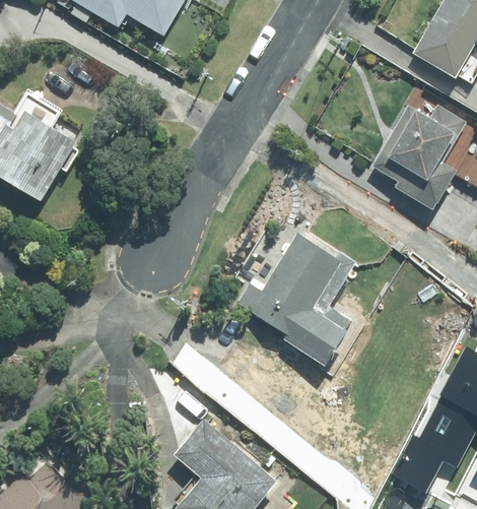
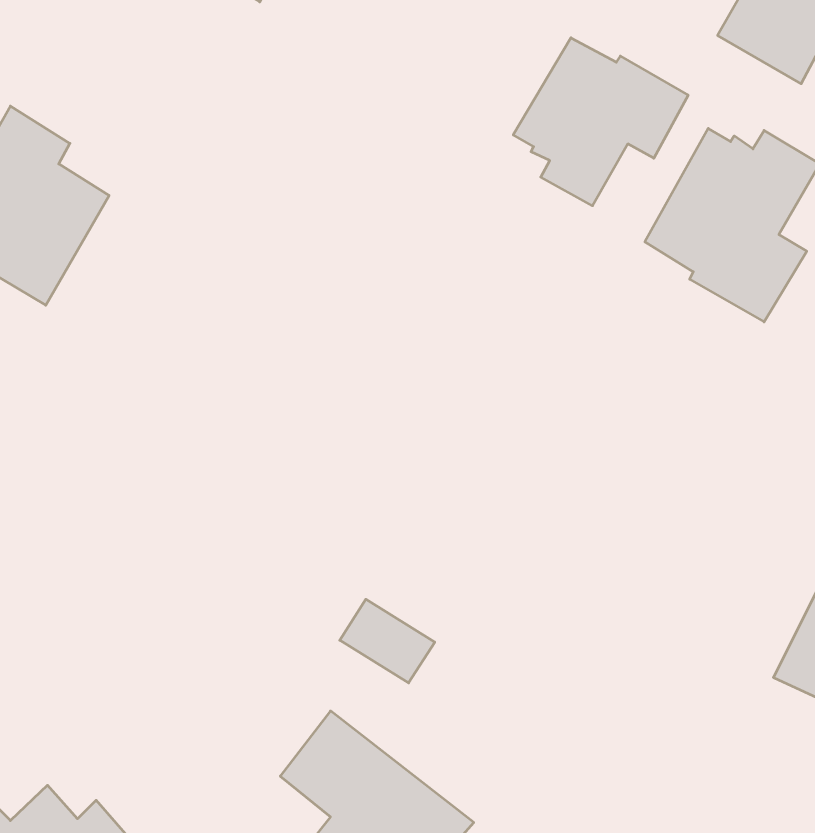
building: none -> [513,38,688,206]
building: [233,232,356,366] -> none

